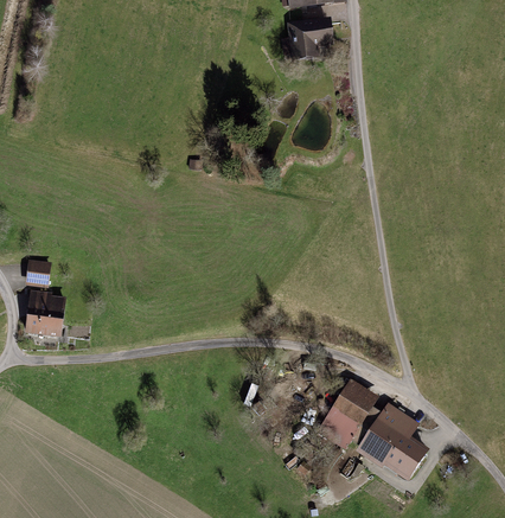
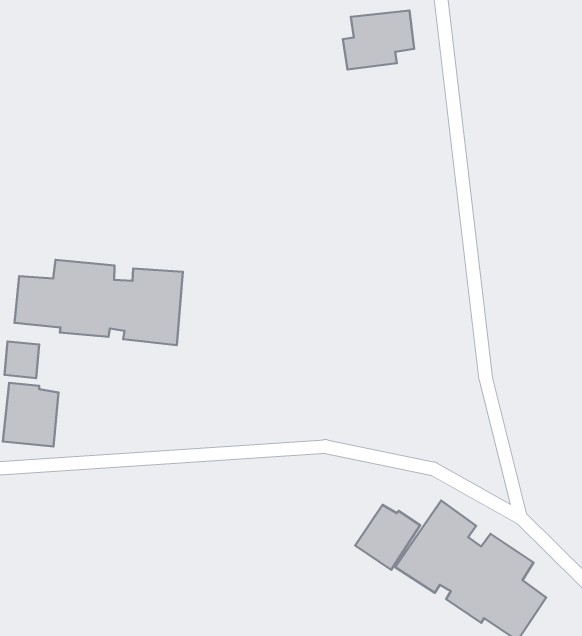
building: none -> [15,260,183,345]
building: none -> [355,505,420,570]

